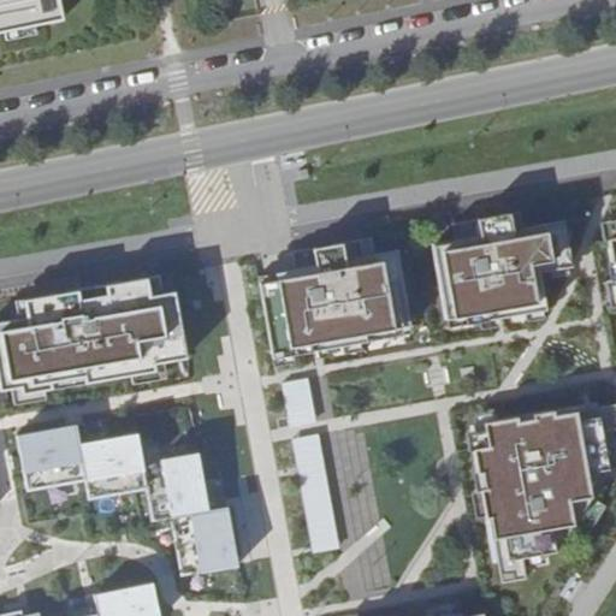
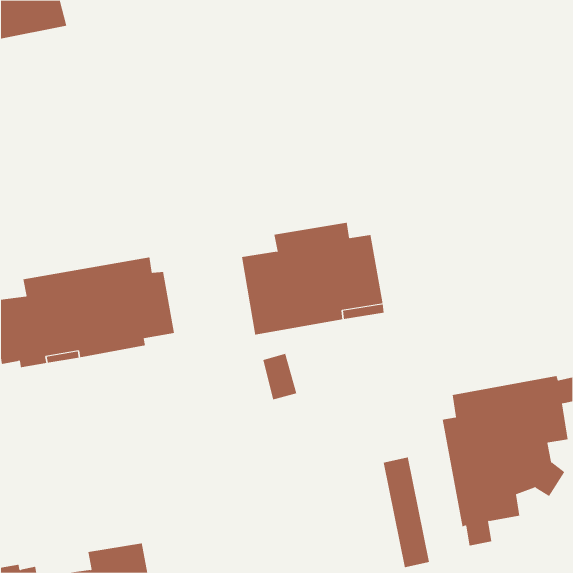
building: [433,212,574,322] -> none
building: [18,422,237,576] -> none
building: [291,434,342,553] -> [383,457,430,568]

